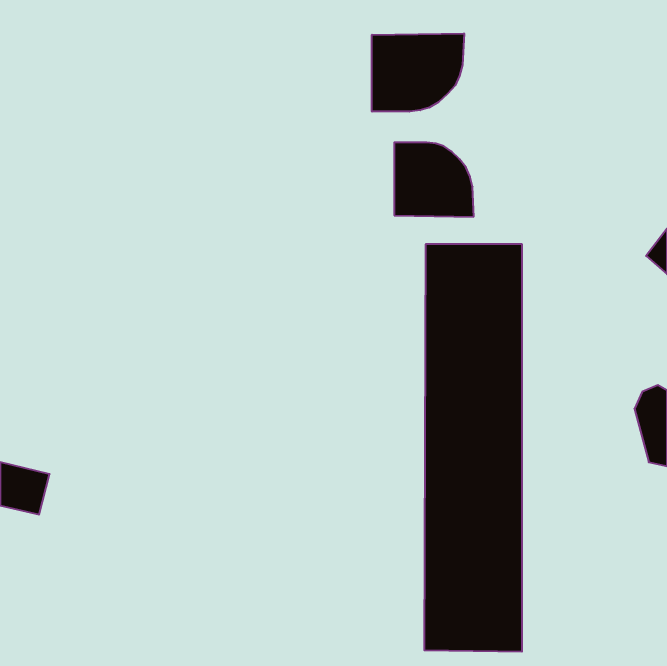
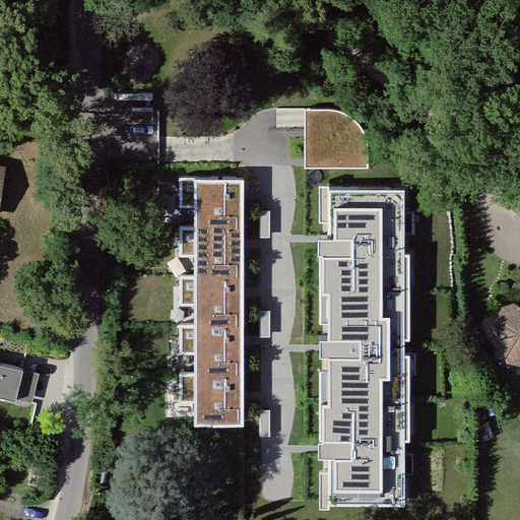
building: [372,33,464,112] -> none
building: none -> [180,179,242,425]

